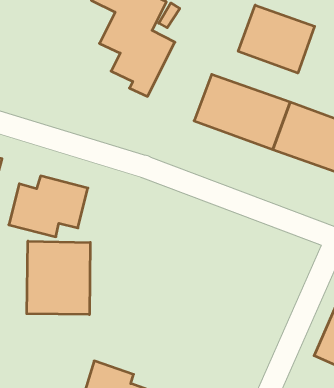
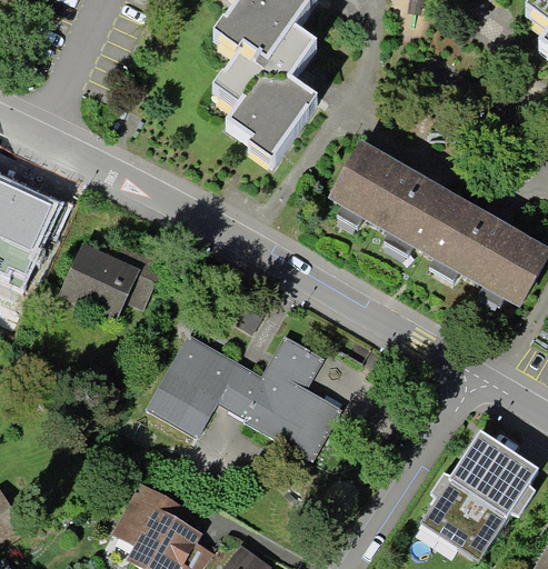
building: [238,5,315,73] -> none
building: none -> [149,333,345,459]
building: [27,241,90,315] -> none

